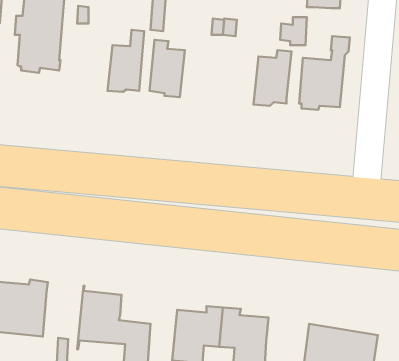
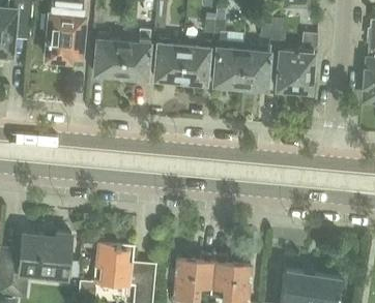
building: none -> [93,33,123,78]
building: none -> [178,40,209,85]
building: none -> [213,41,243,89]

